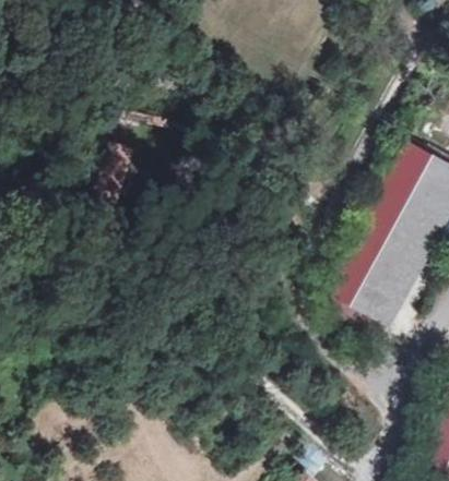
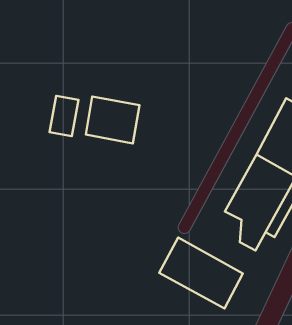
building: none -> [86,96,140,144]
building: none -> [159,237,243,309]

